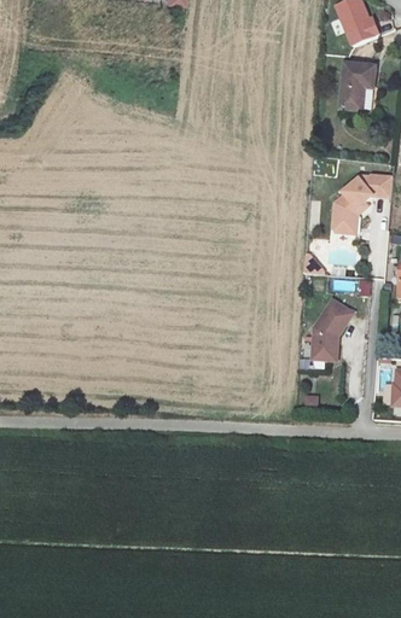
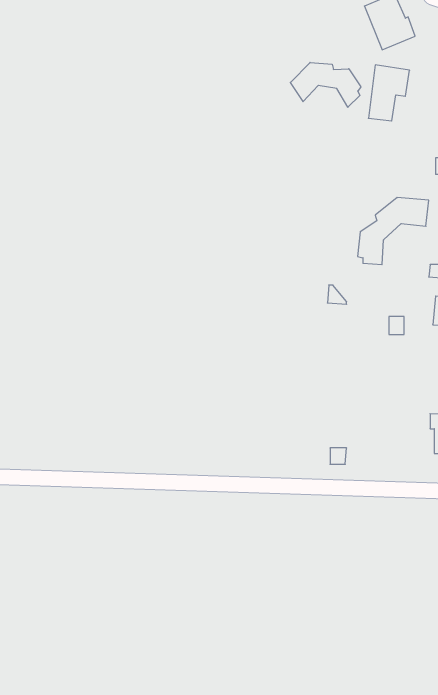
building: none -> [290,62,361,107]
building: [312,296,351,357] -> none

